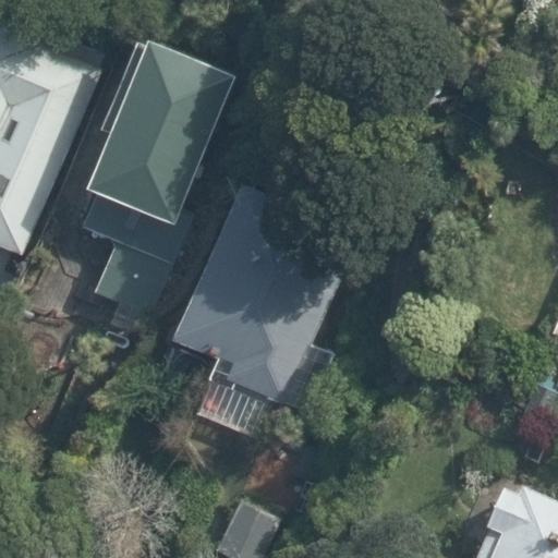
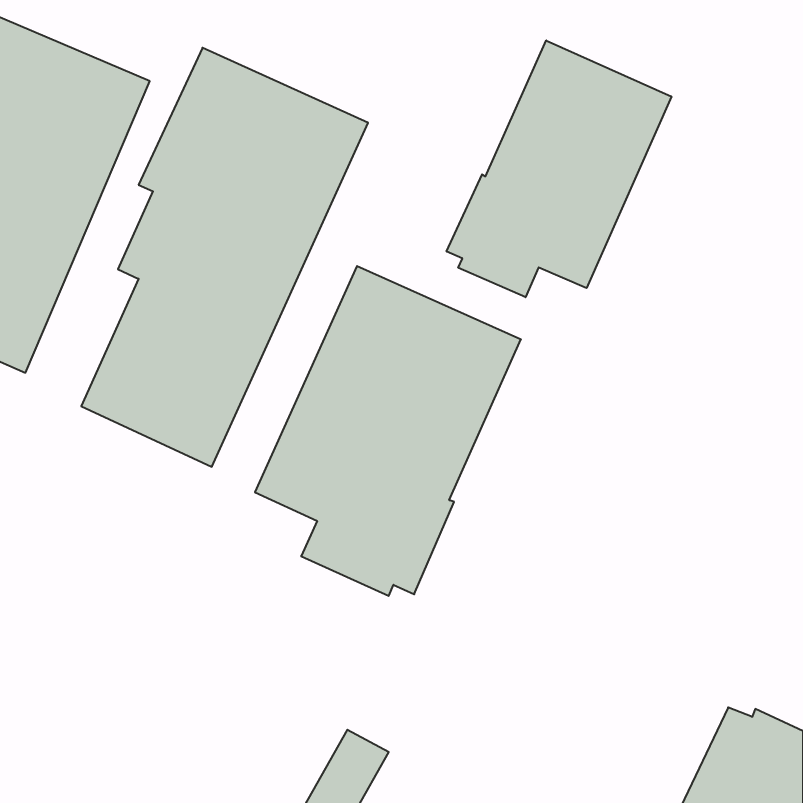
building: none -> [447,40,671,297]

